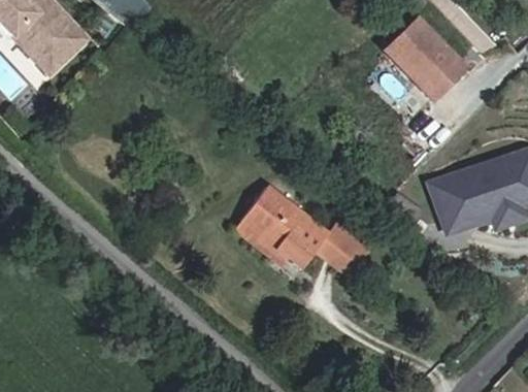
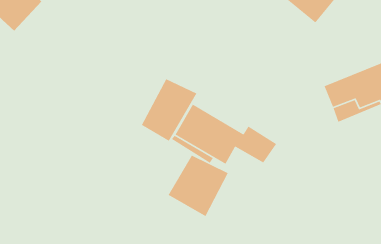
building: none -> [141,78,198,142]
building: none -> [168,155,229,217]

